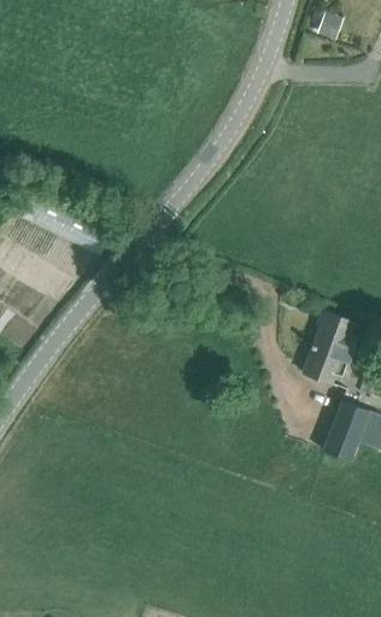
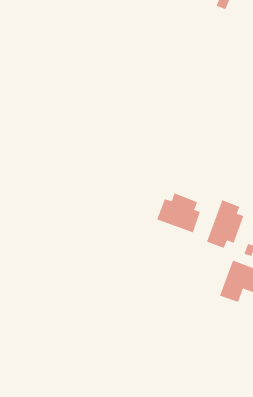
building: none -> [157,193,201,233]

